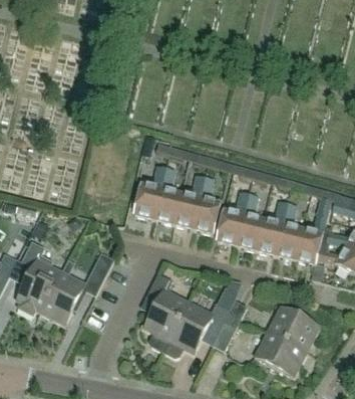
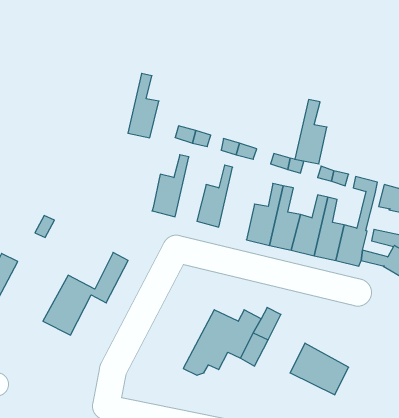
building: [154,169,182,225] -> [128,73,159,138]
building: [193,178,221,234] -> [295,100,327,164]
building: [15,241,61,316] -> none
building: [143,274,189,354] -> none
building: [268,307,319,353] -> none

